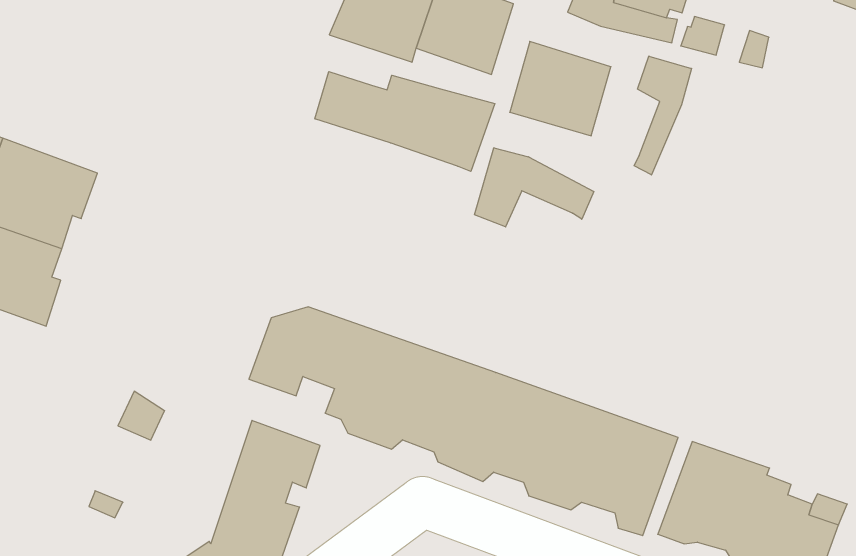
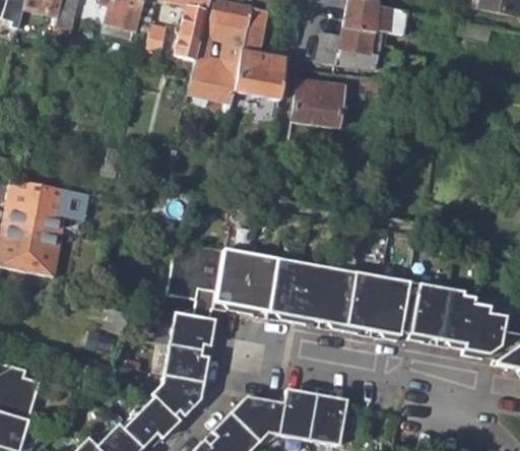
building: [634,56,692,175] -> none
building: [315,72,495,171] -> none
building: [474,148,594,227] -> none

